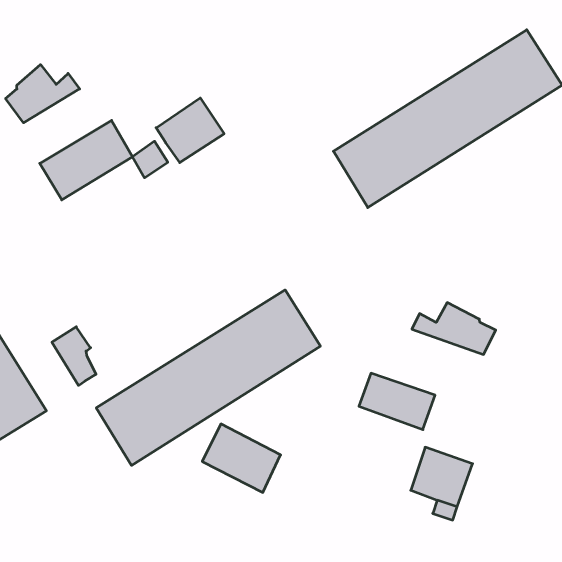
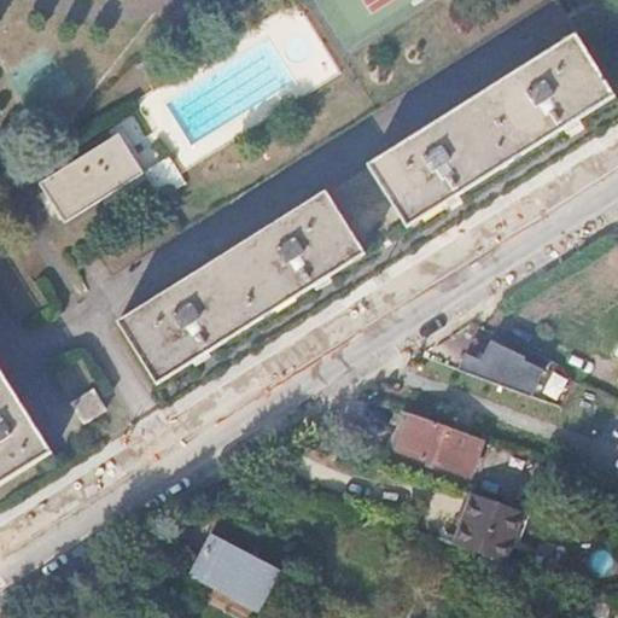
building: [6,65,80,123] -> none
building: [156,98,224,163] -> none
building: [96,290,320,465] -> [116,192,361,384]
building: [202,424,281,492] -> [186,534,272,608]

